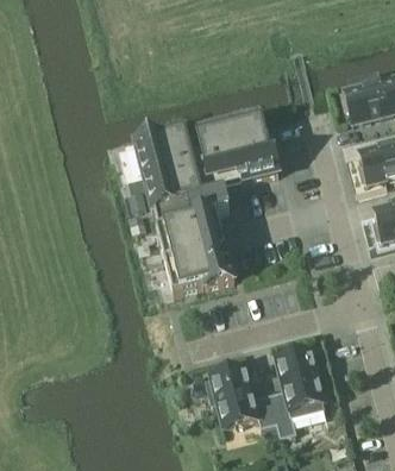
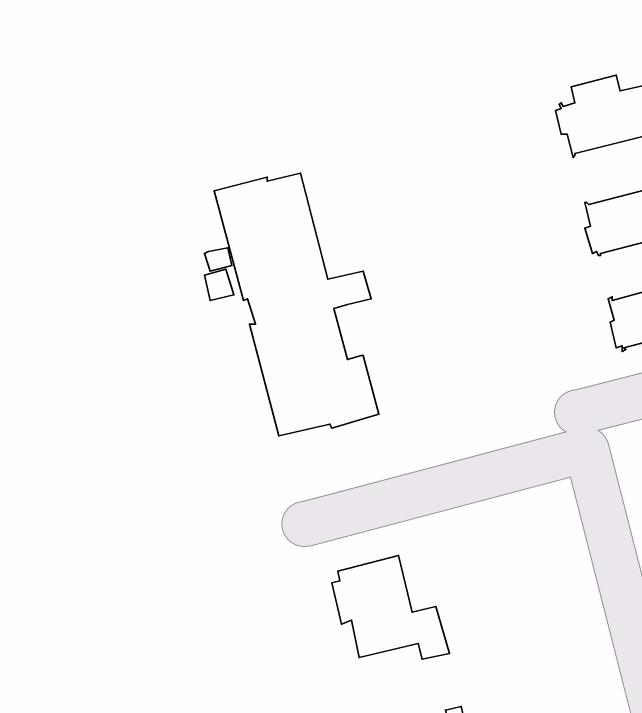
building: [196,115,280,184] -> none
building: [269,350,326,439] -> none

